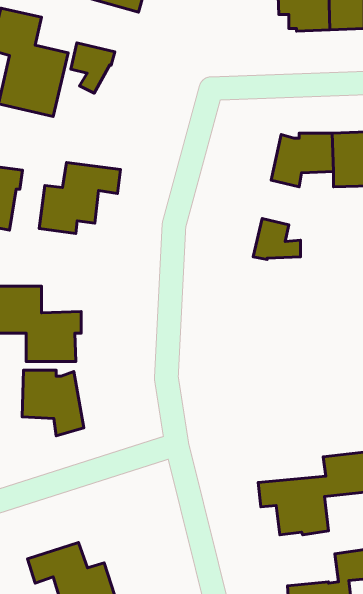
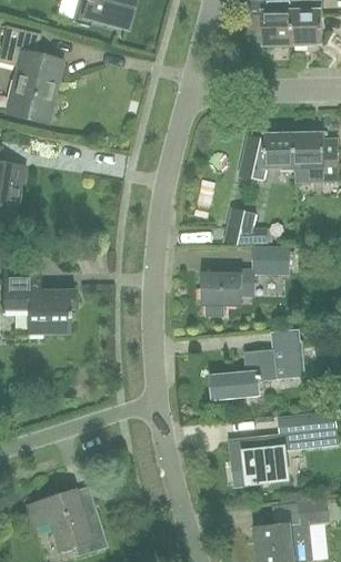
building: [71,43,115,93] -> none
building: [39,162,121,233] -> none
building: none -> [203,245,289,316]
building: none -> [211,328,304,399]
building: [22,370,84,436] -> none

